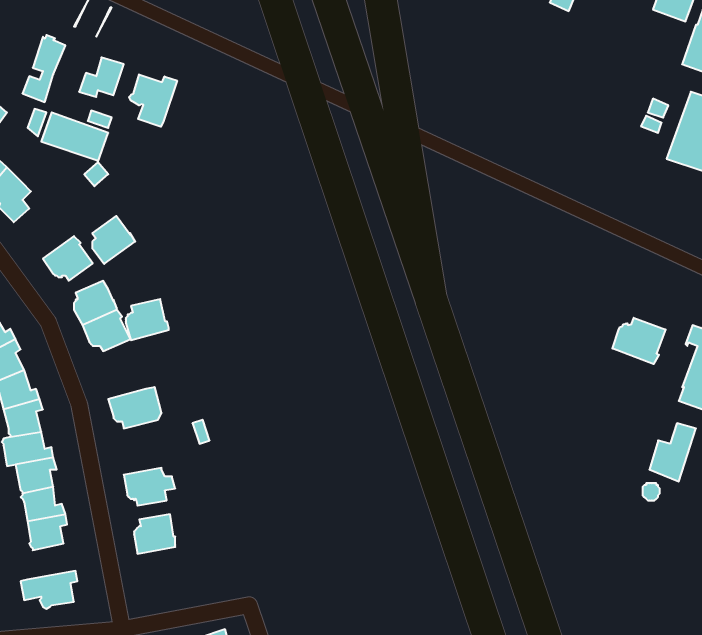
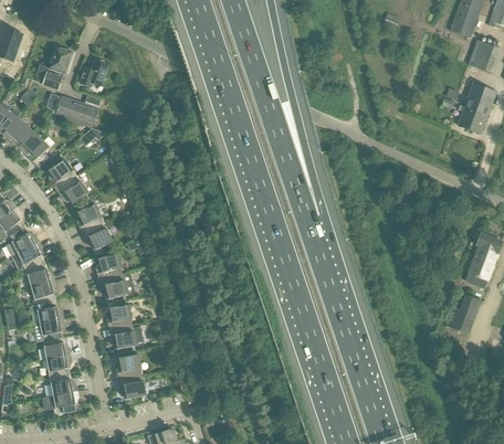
building: [129,74,177,127] -> none
building: [92,216,135,264] -> [49,159,76,190]
building: [126,299,169,340] -> [95,254,123,281]
building: [612,318,666,364] -> none
building: none -> [106,305,133,329]
building: none -> [44,373,77,397]
building: none -> [117,376,146,399]

